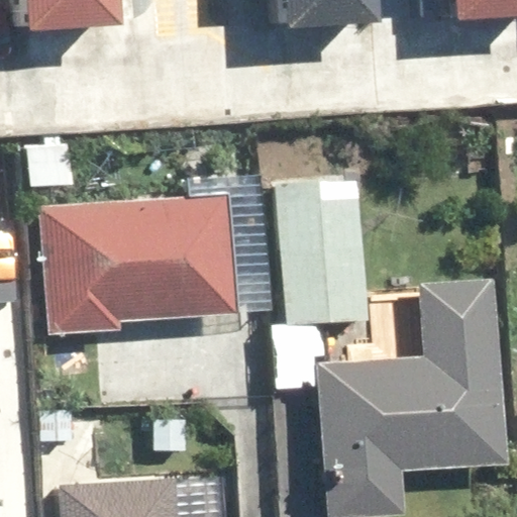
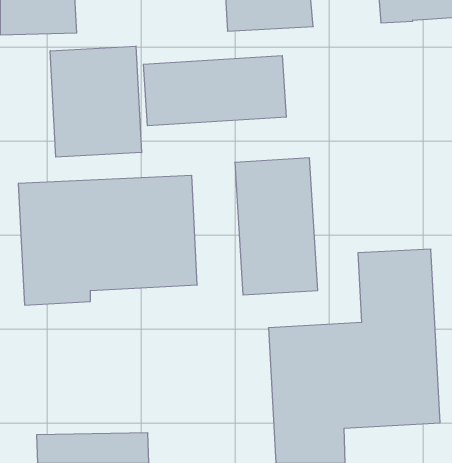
building: none -> [50,46,142,157]
building: none -> [143,56,286,126]

